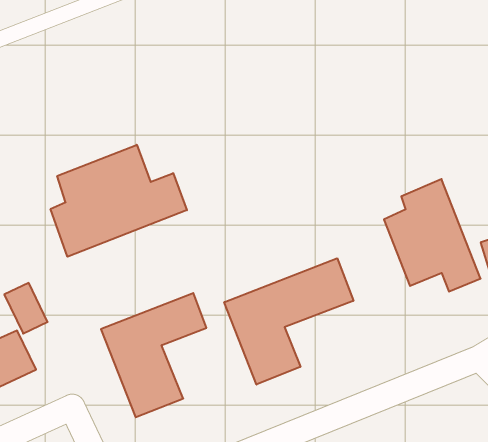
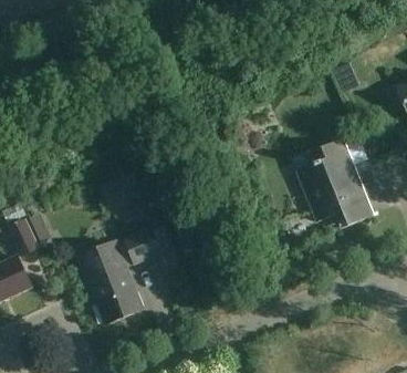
building: [51,145,187,257] -> none
building: [224,258,353,385] -> none

